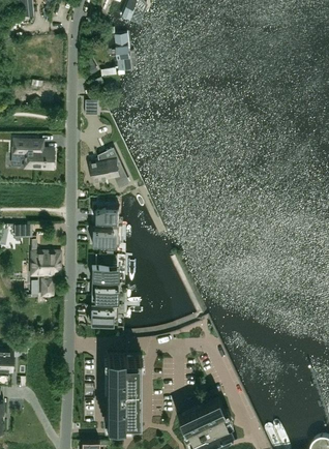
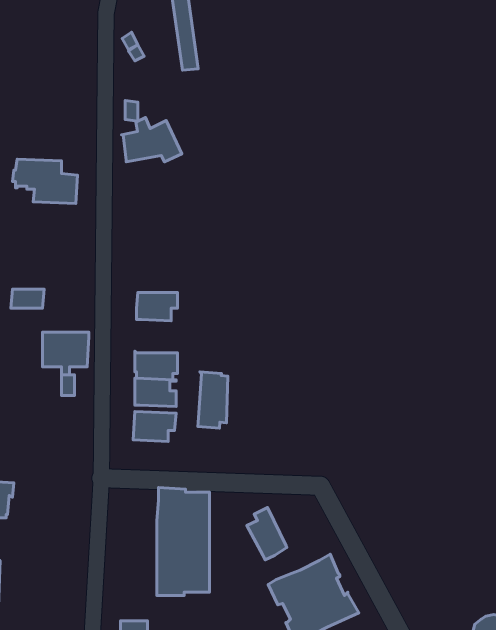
building: [88,153,127,182] -> [122,117,182,162]
building: [94,208,120,228] -> none
building: none -> [198,372,228,428]
building: none -> [247,508,287,560]

